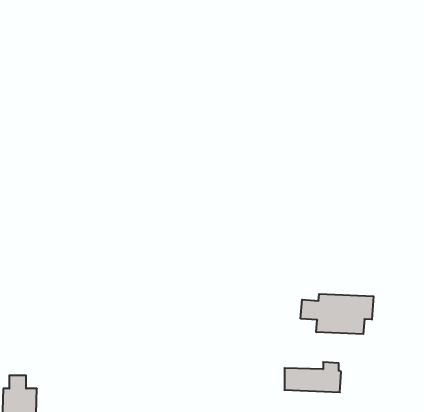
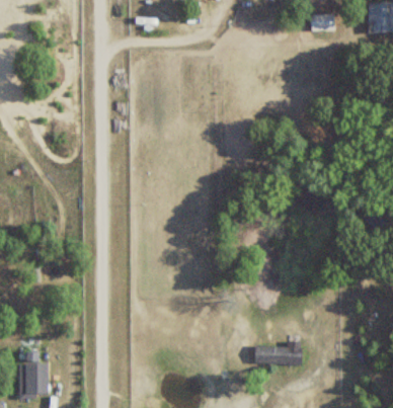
building: [301,294,374,334] -> none

